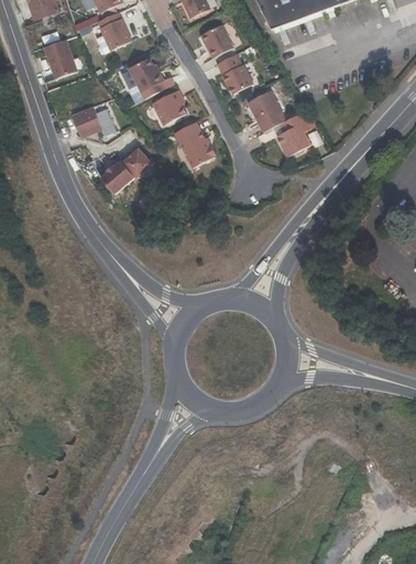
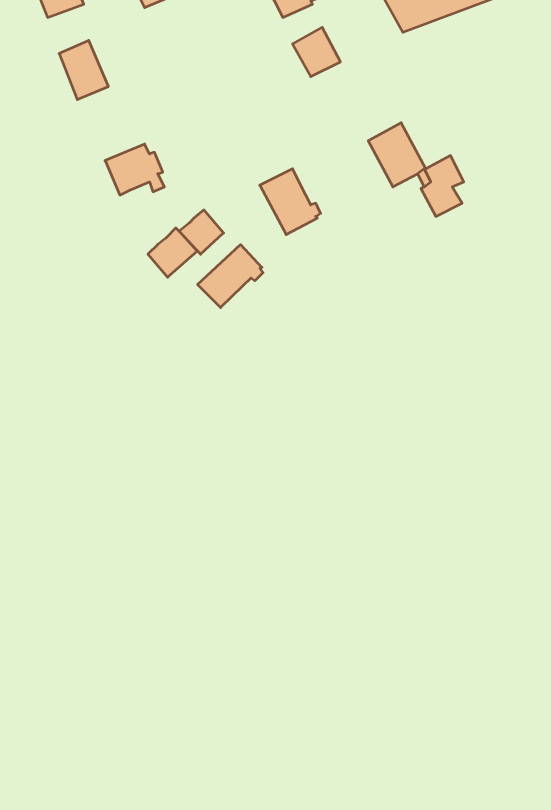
building: [99,12,135,51] -> none
building: [220,53,256,93] -> none
building: [128,58,165,94] -> none
building: [155,89,189,126] -> none
building: none -> [198,245,263,308]

